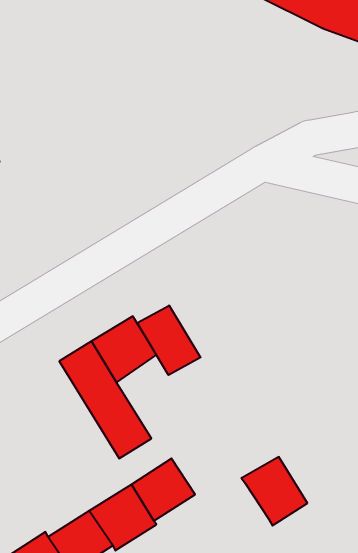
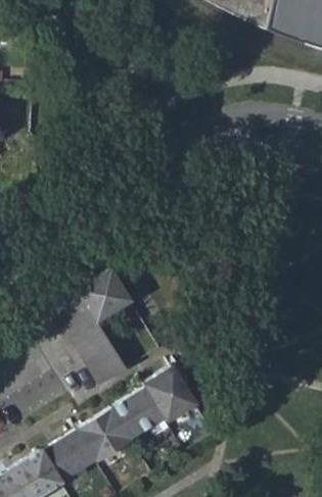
building: [137,305,201,375] -> none
building: [241,457,307,526] -> [144,361,198,417]

